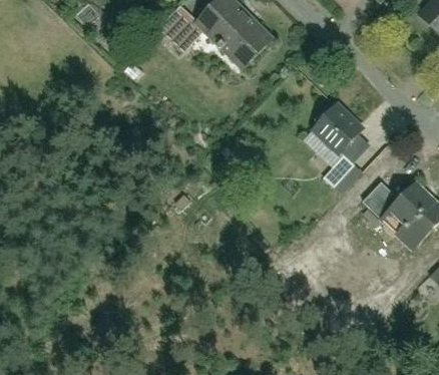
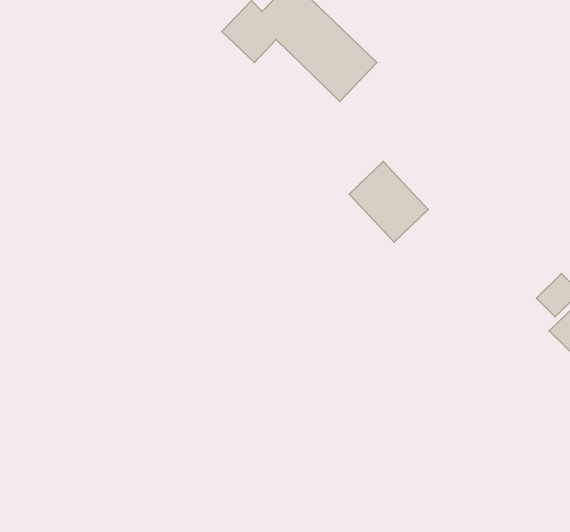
building: [304,105,355,157] -> [349,161,428,242]
building: [331,148,364,180] -> none

